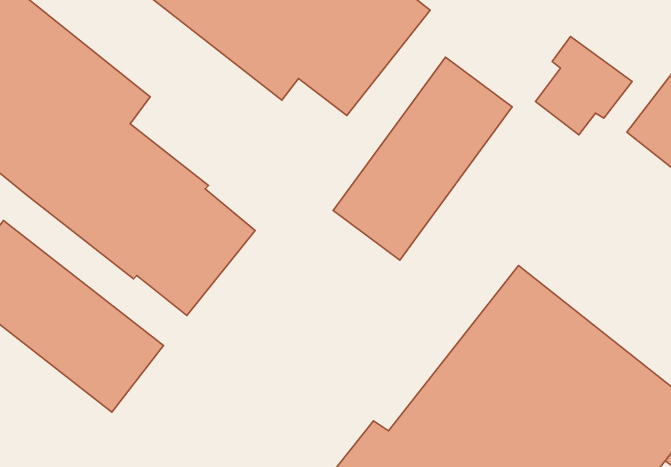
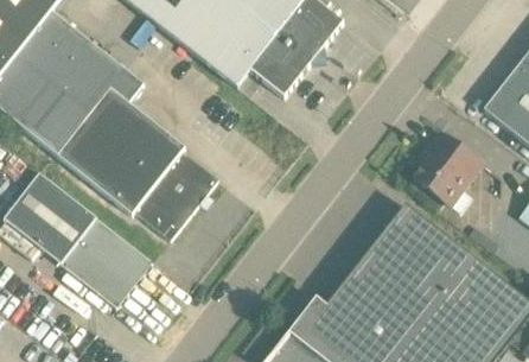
building: [535,36,632,135] -> [414,131,483,201]
building: [333,57,512,260] -> none

